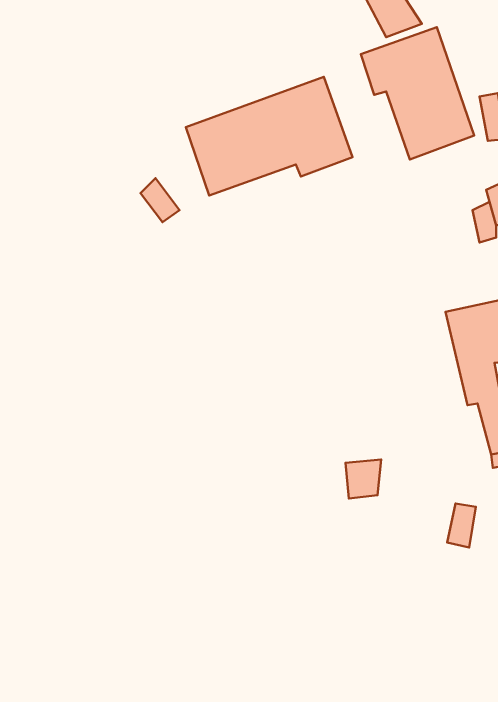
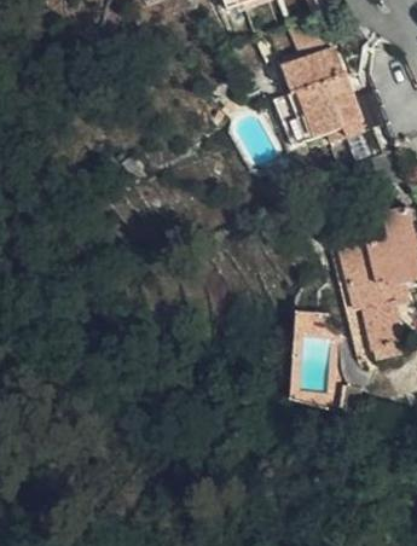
building: [186,77,352,196] -> none

